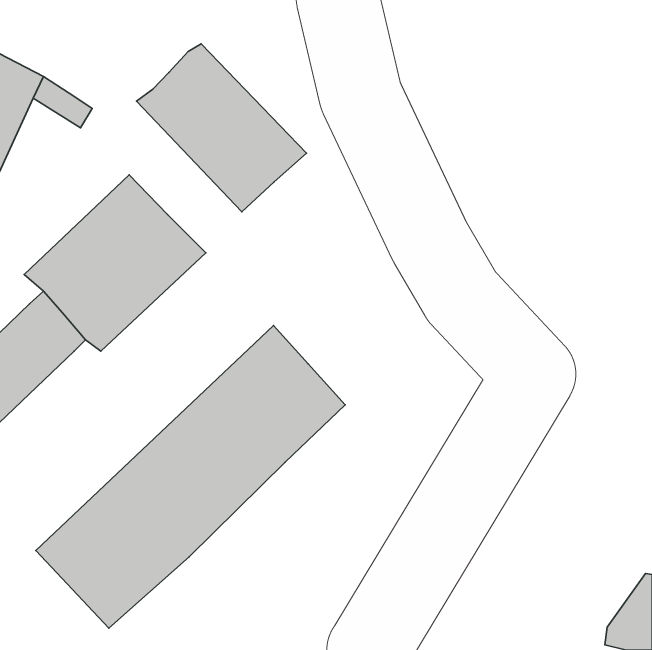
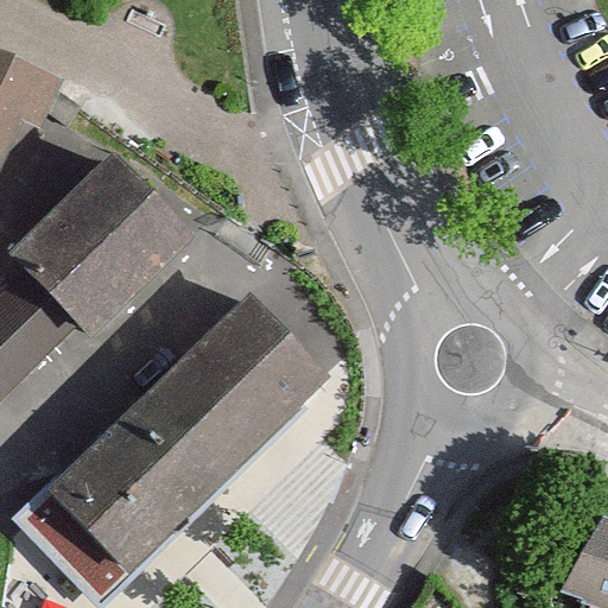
building: [137,44,306,212] -> none

